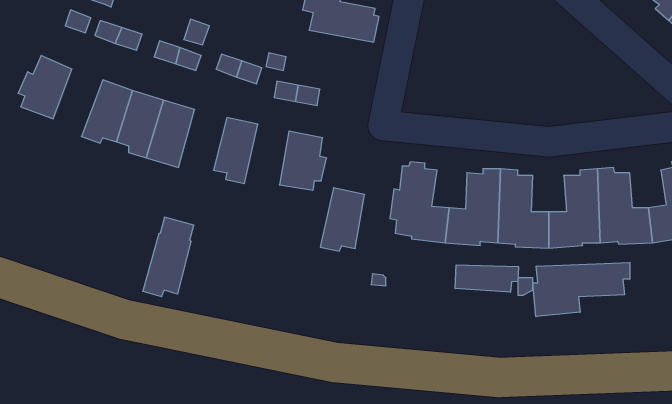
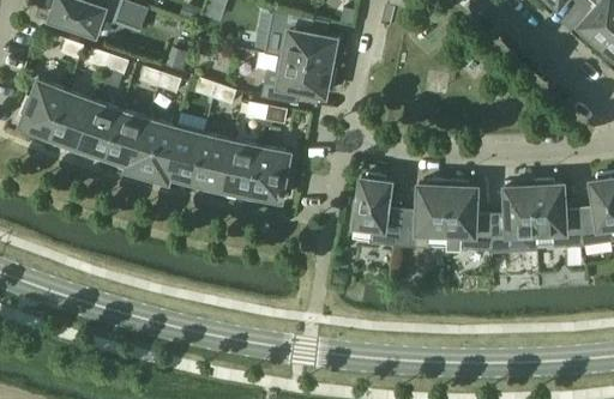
building: none -> [260,58,335,104]
building: none -> [49,92,94,152]
building: [320,188,365,251] -> [219,141,259,198]
building: [143,217,194,297] -> [161,114,206,185]
building: [533,262,630,317] -> none
building: [455,265,518,292] -> none

